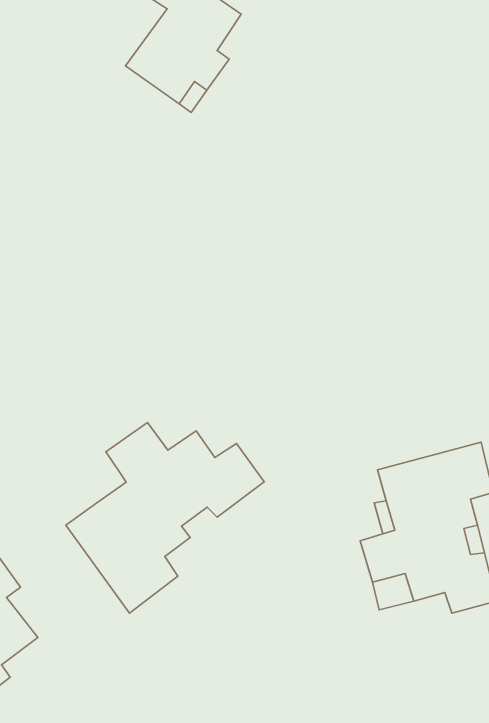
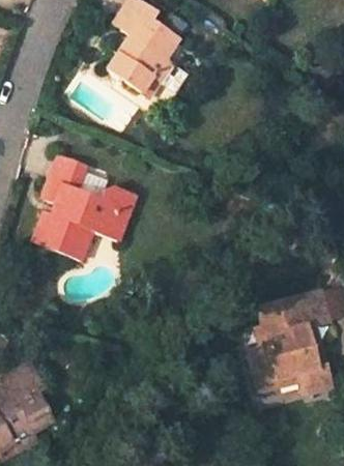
building: none -> [33,153,137,262]
building: [66,422,264,613] -> none

